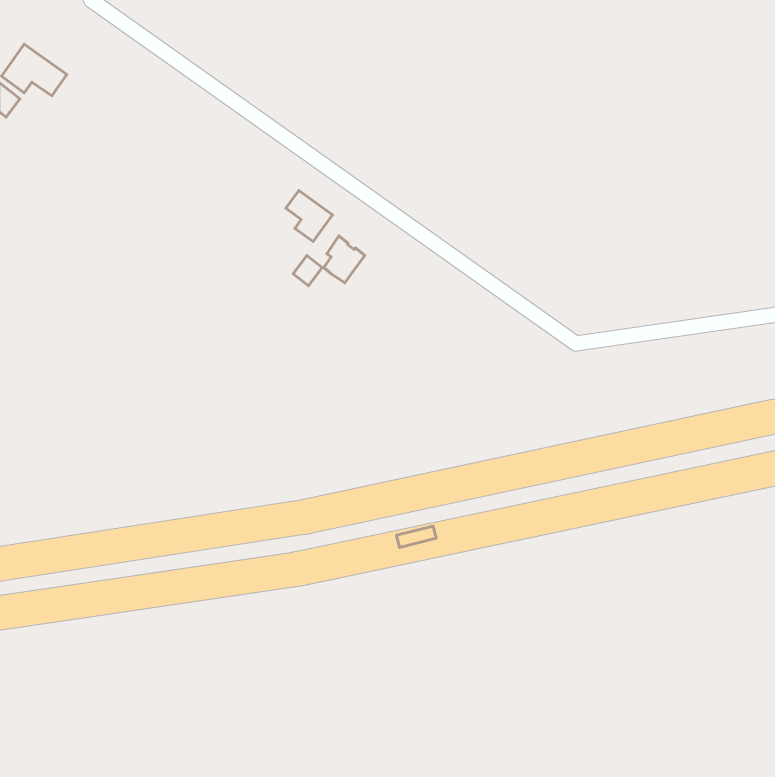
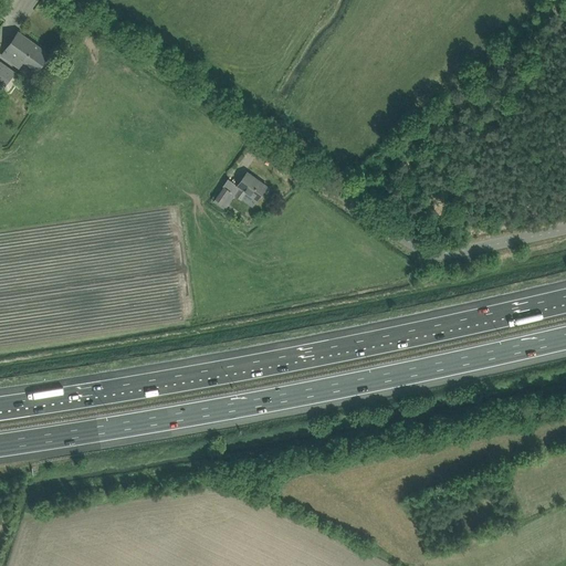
building: [286,190,332,241] -> none

